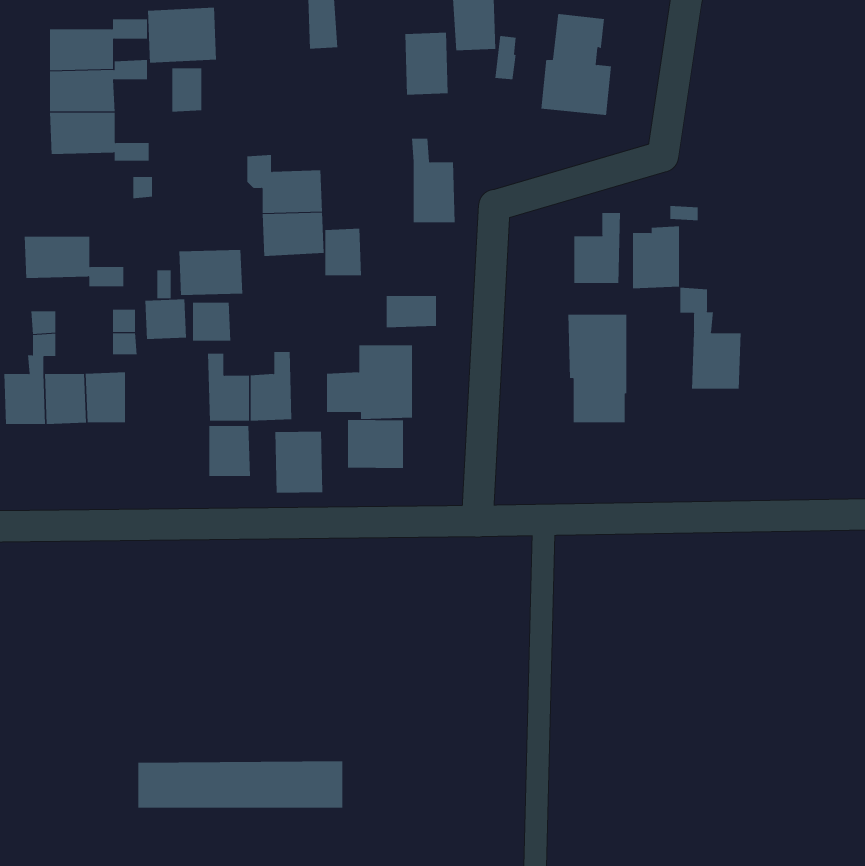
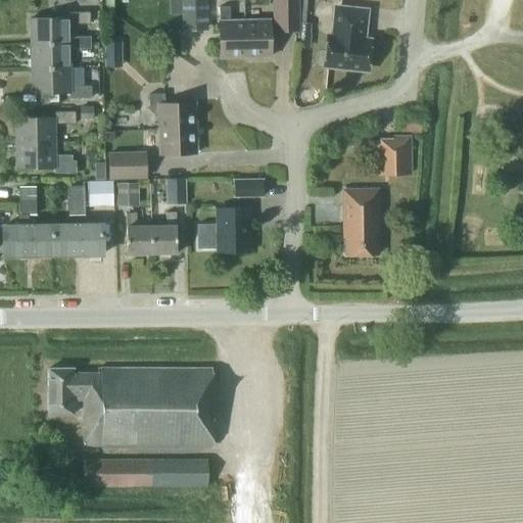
building: [148,7,216,63] -> none
building: [411,138,455,223] -> [220,6,246,57]
building: none -> [16,111,76,142]
building: [574,212,621,284] -> none
building: [325,228,362,276] -> [165,177,188,205]
building: [680,287,741,389] -> none
building: [347,419,403,469] -> none
building: [208,425,251,476] -> [78,224,103,254]
building: [275,431,323,493] -> none
building: none -> [49,368,213,445]

